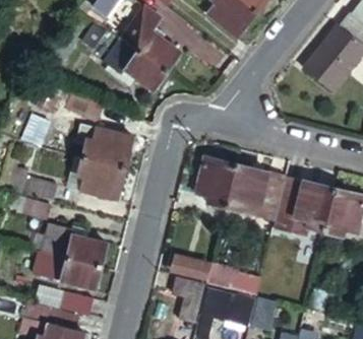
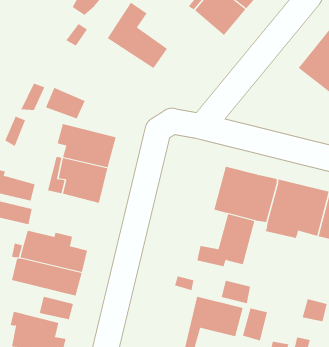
building: [106,41,168,89] -> none
building: [180,156,236,207] -> [196,213,255,267]
building: [172,277,202,322] -> none

